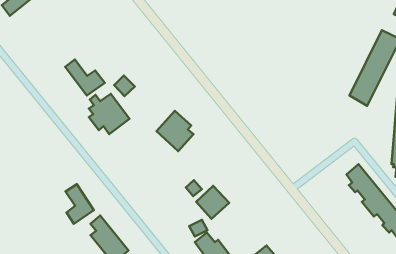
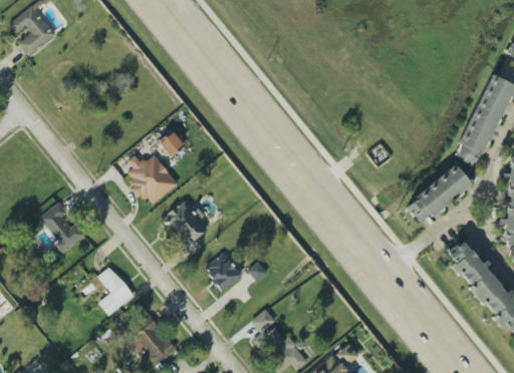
building: [65,59,105,96] -> none
building: none -> [405,163,473,225]
building: [156,111,193,151] -> [163,197,209,247]
building: none -> [40,202,87,251]
building: [196,186,229,219] -> [205,250,246,291]

